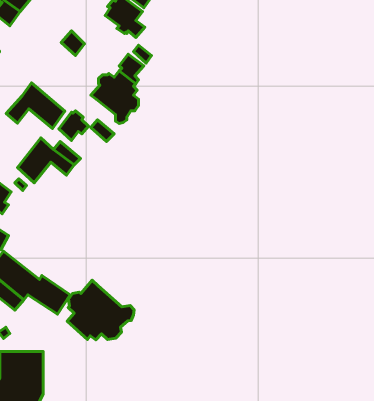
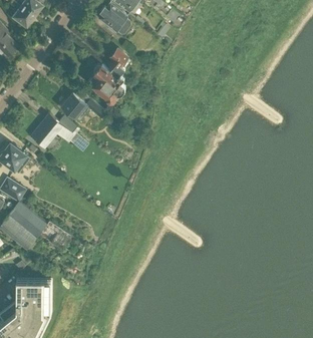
building: [6,83,65,128] -> none
building: [67,280,134,340] -> none

